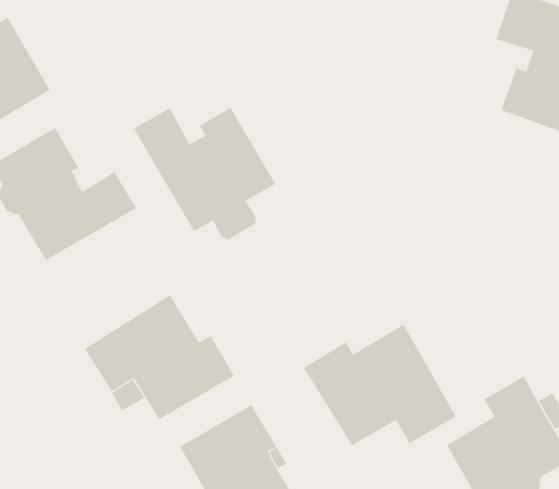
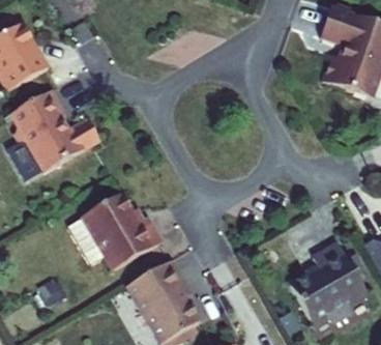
building: [133,107,276,241] -> none
building: [303,324,457,446] -> none

